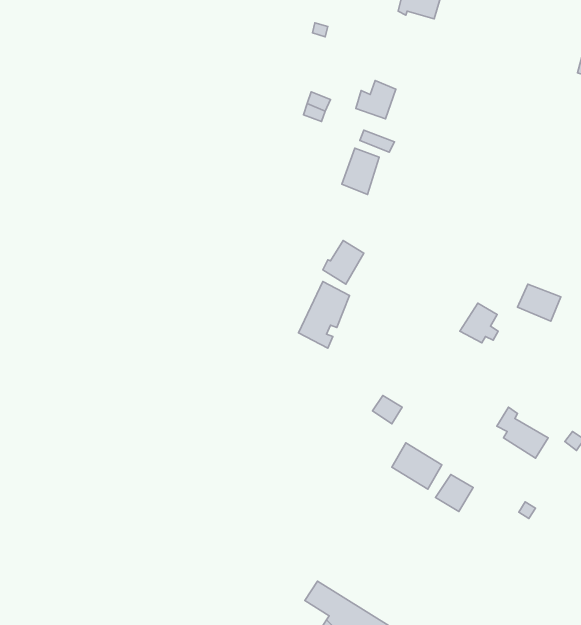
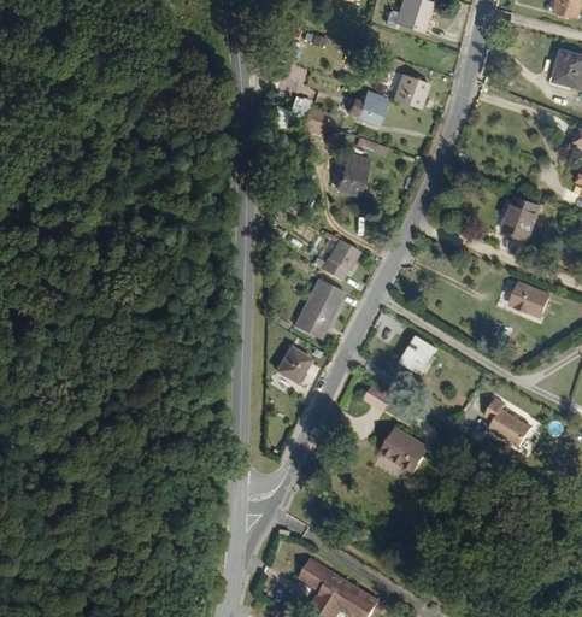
building: none -> [394,74,428,108]
building: none -> [501,199,536,237]
building: [460,303,498,343] -> [402,339,439,376]
building: none -> [278,346,312,382]
building: [436,474,473,511] -> none

